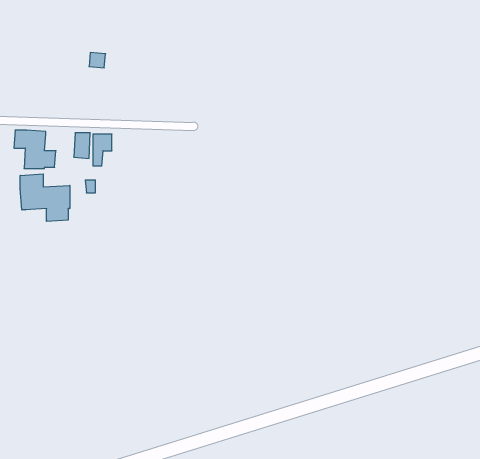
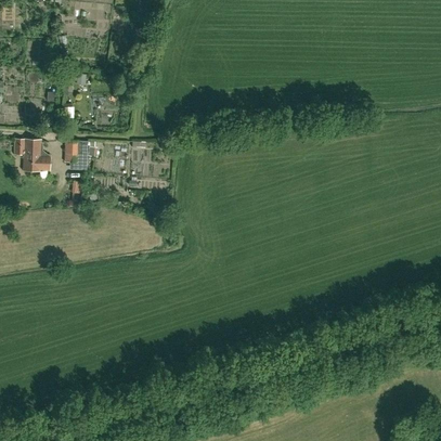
building: [20,174,70,221] -> none

